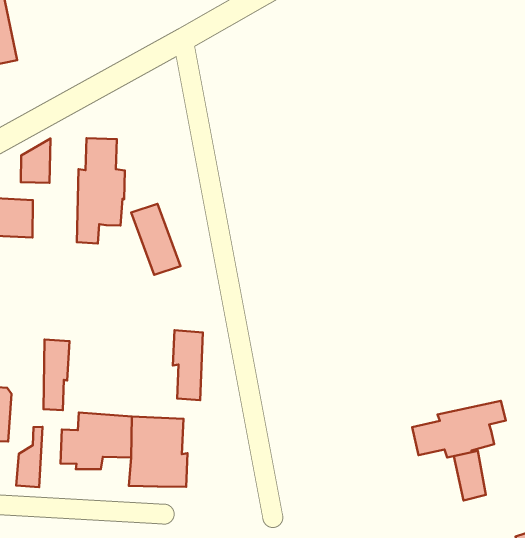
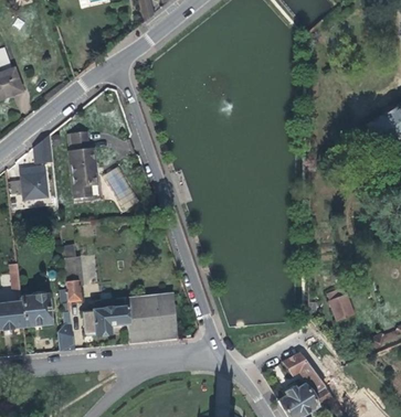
building: [173,330,203,400] -> [157,293,179,336]
building: [412,401,506,457] -> none

